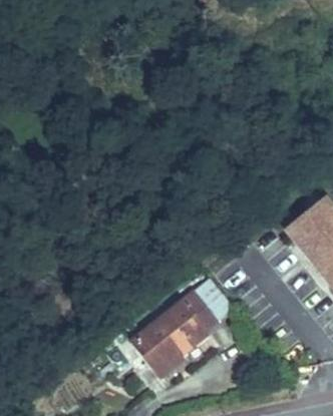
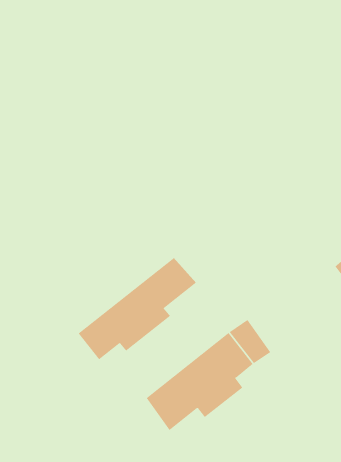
building: none -> [78,257,197,360]

